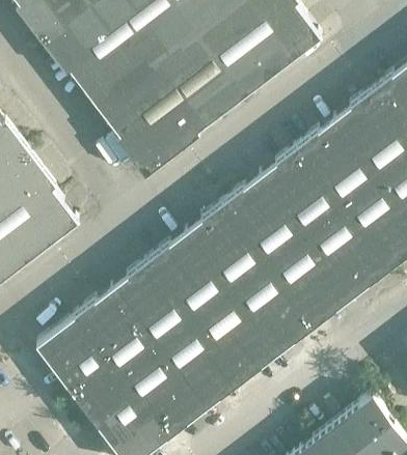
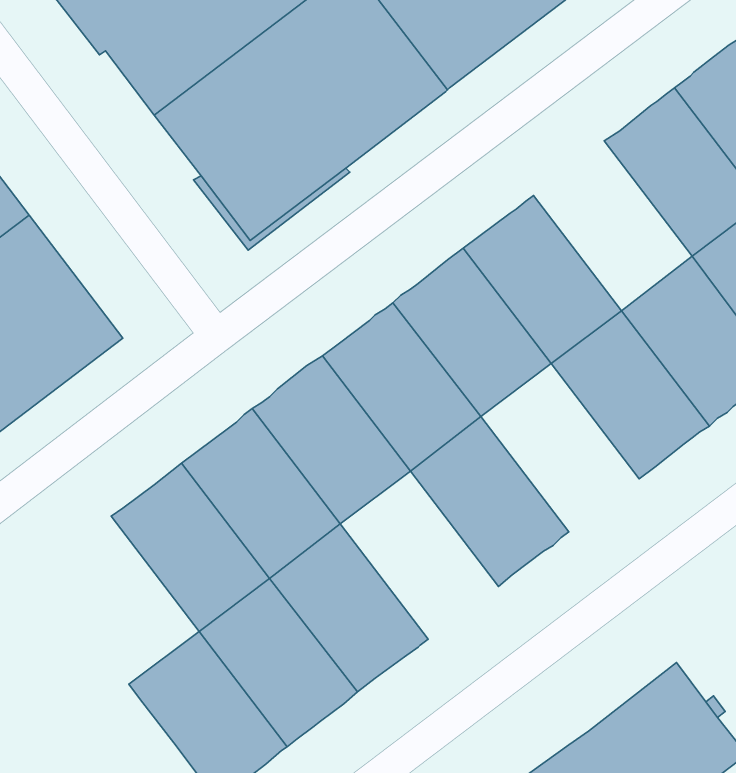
building: [297,118,381,208] -> none
building: [269,236,353,325] -> none
building: [194,293,278,382] -> none
building: [35,317,119,406] -> none

